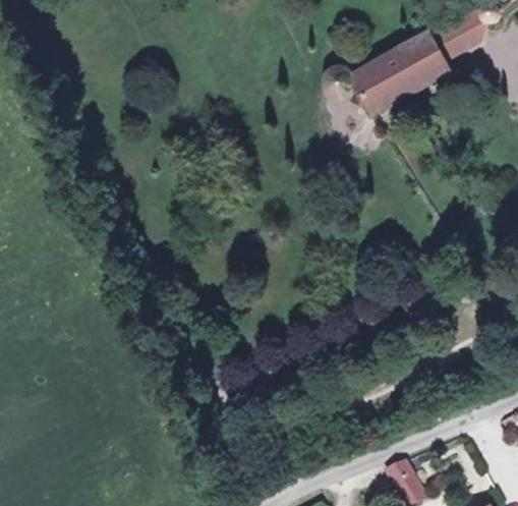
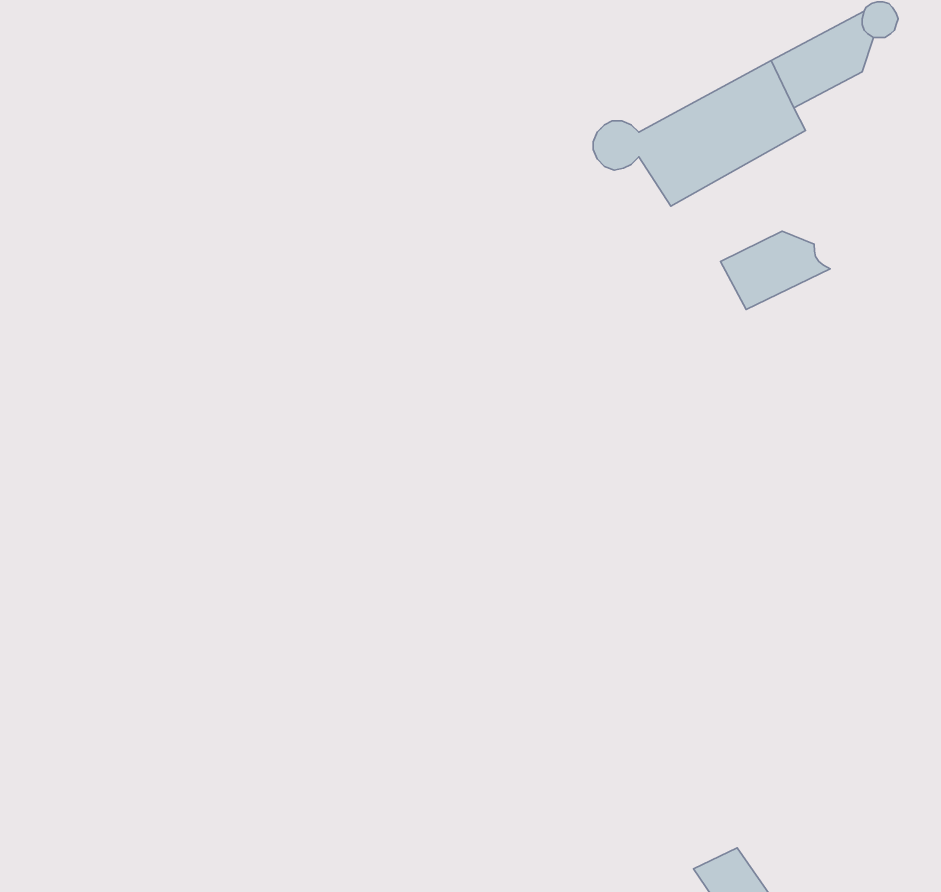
building: none -> [720,231,830,310]

